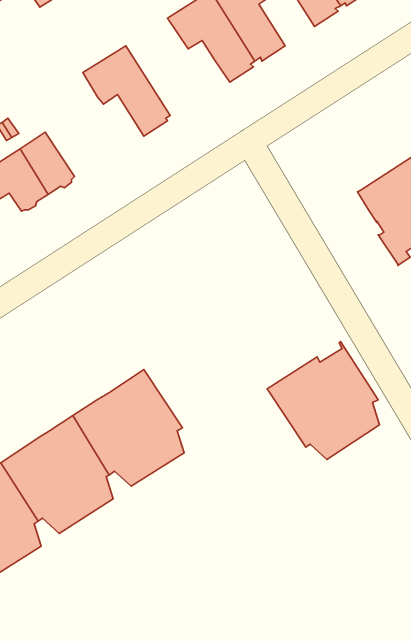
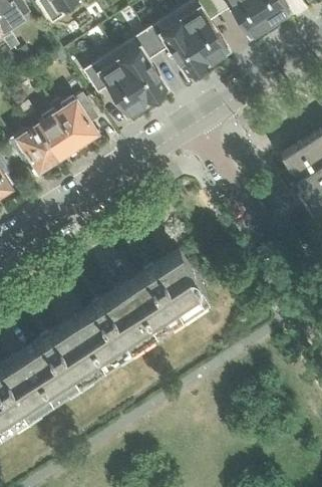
building: none -> [113,31,168,101]
building: none -> [50,98,96,146]
building: [267,341,380,460] -> [126,251,208,336]

